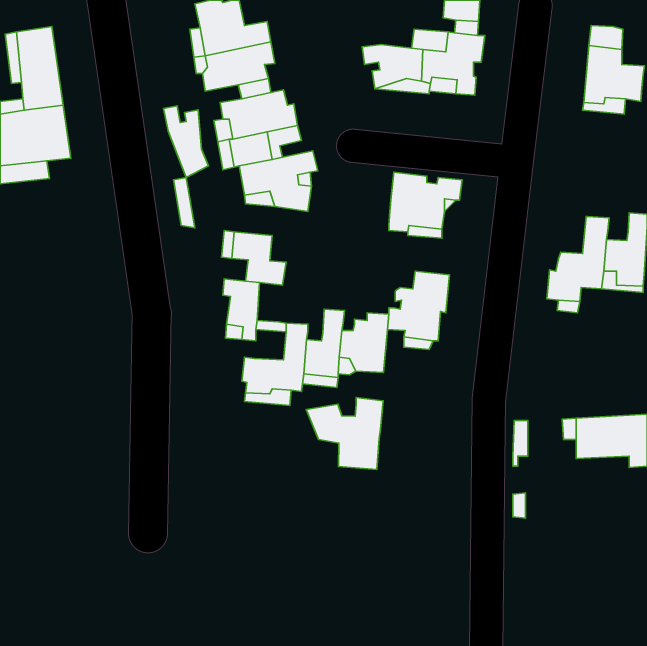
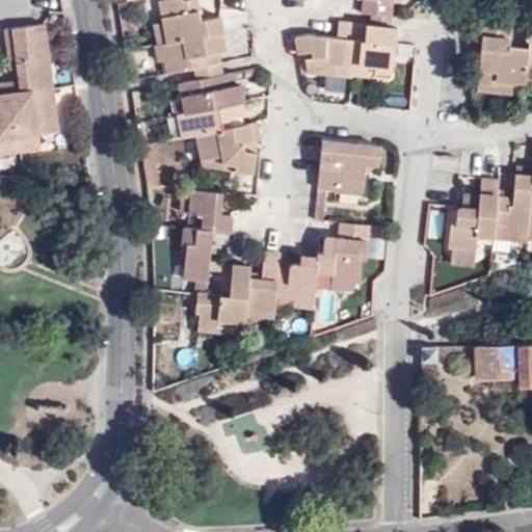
building: [164,106,209,177] -> none
building: [306,397,383,469] -> none

